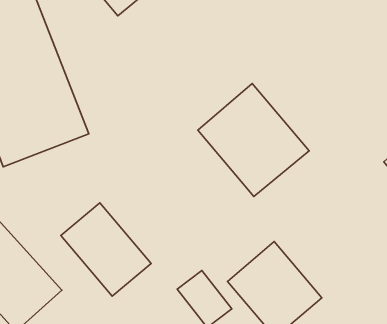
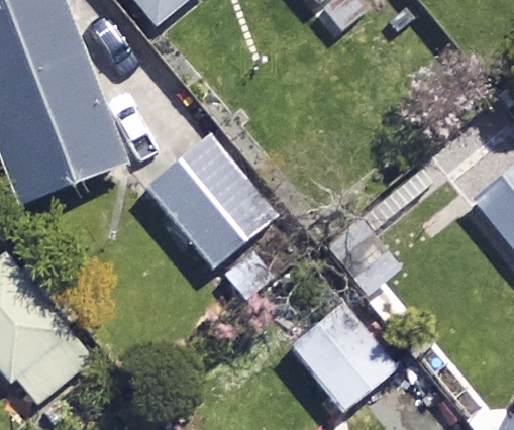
building: [198,84,309,197] -> [147,133,280,267]
building: [61,203,151,296] -> none

